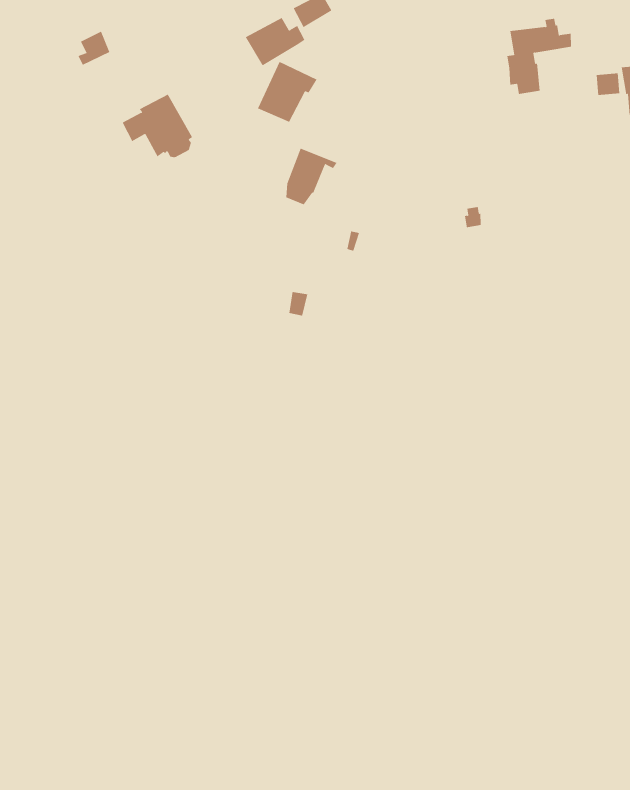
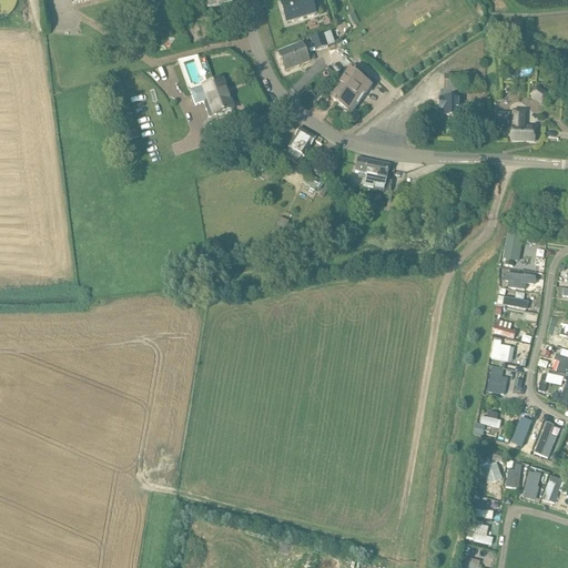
building: [257,61,318,123] -> [331,69,372,109]
building: none -> [355,156,389,187]

